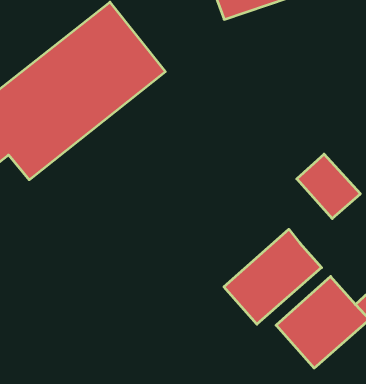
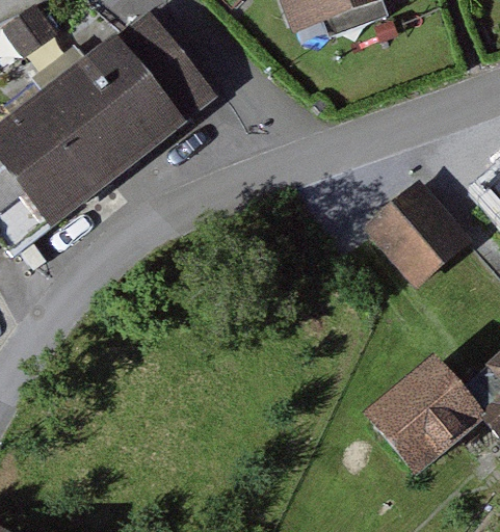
building: [224,229,322,324] -> none

